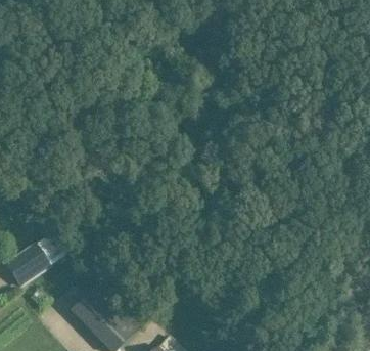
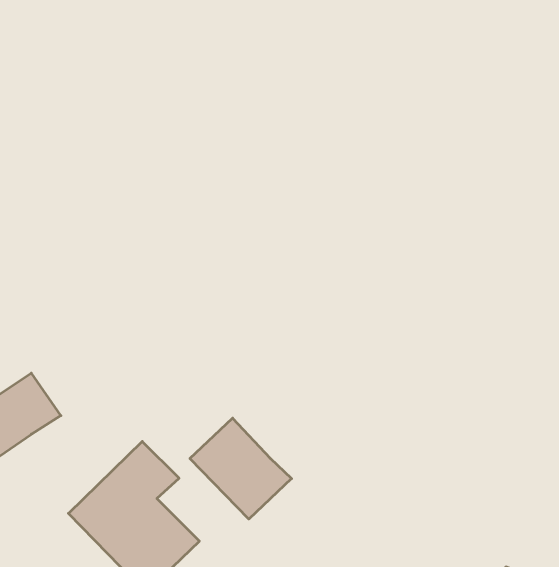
building: none -> [190,418,292,519]

